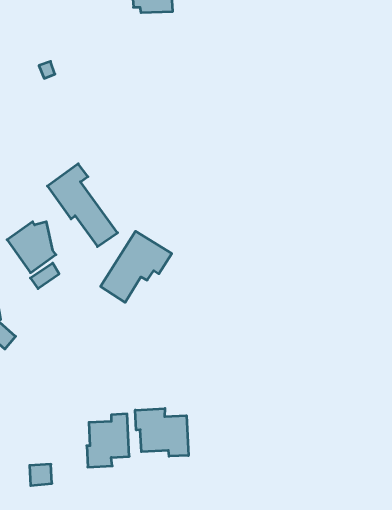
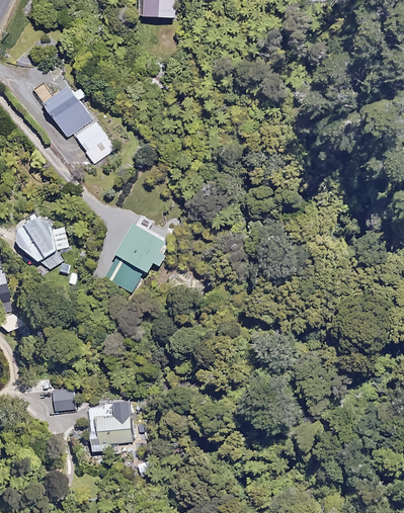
building: [47,164,118,247] -> [45,81,111,160]
building: [135,408,188,456] -> none
building: [30,464,52,486] -> [51,388,72,408]

